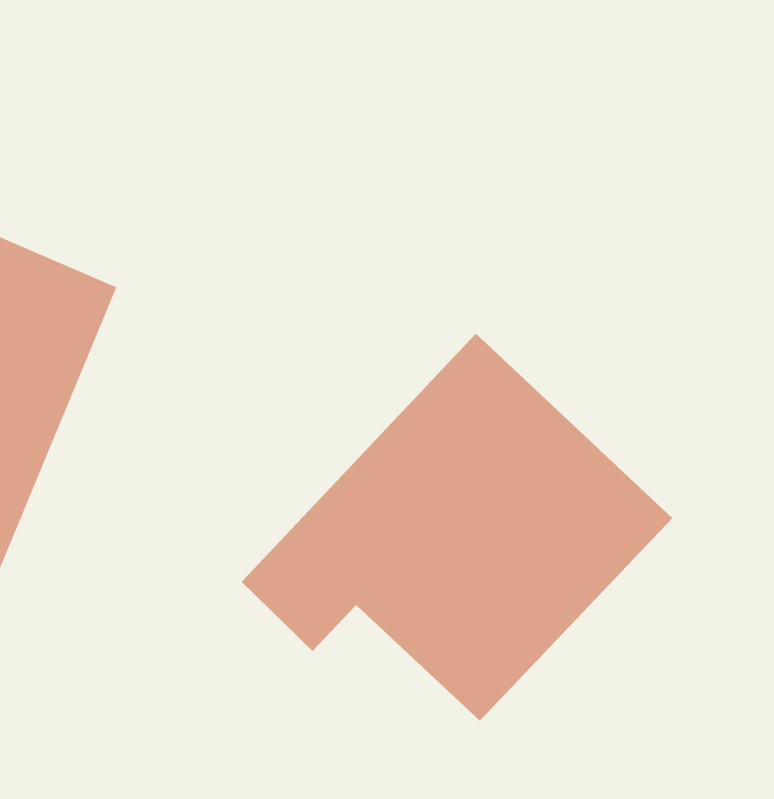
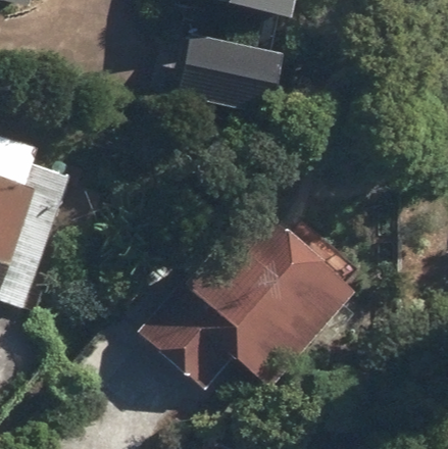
building: none -> [153,28,270,112]

